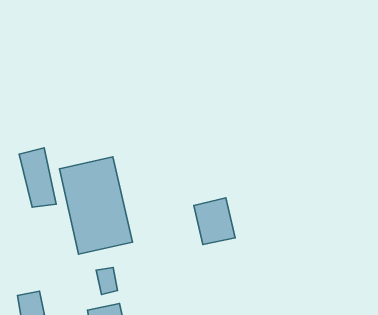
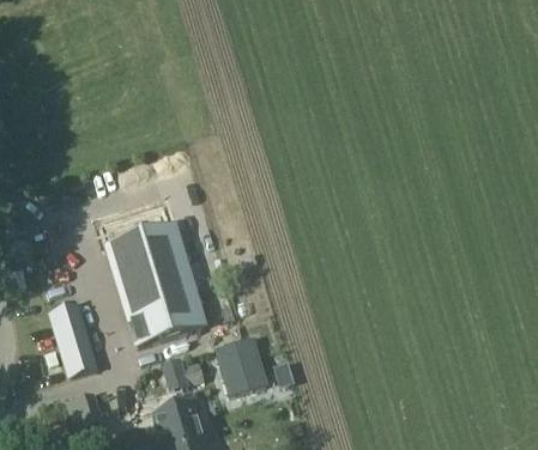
building: [19,148,56,207] -> [49,302,98,375]
building: [194,198,235,245] -> [219,329,272,388]

